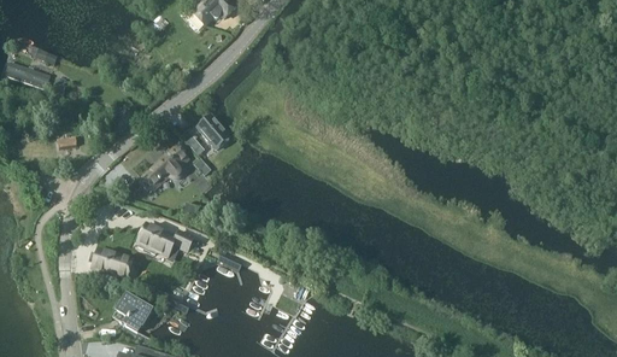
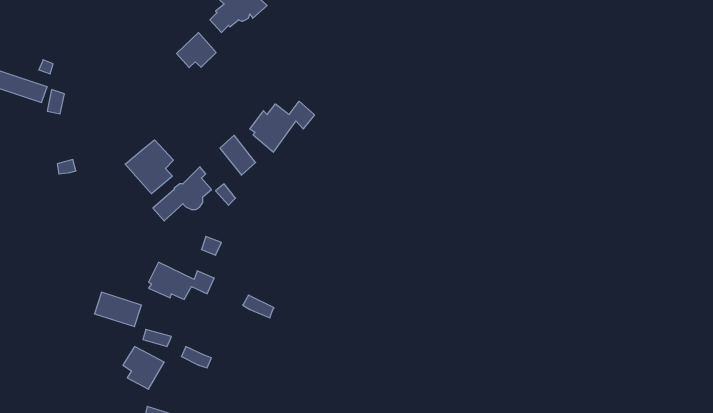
building: none -> [177,33,216,68]
building: none -> [250,101,314,152]
building: none -> [125,140,173,194]

